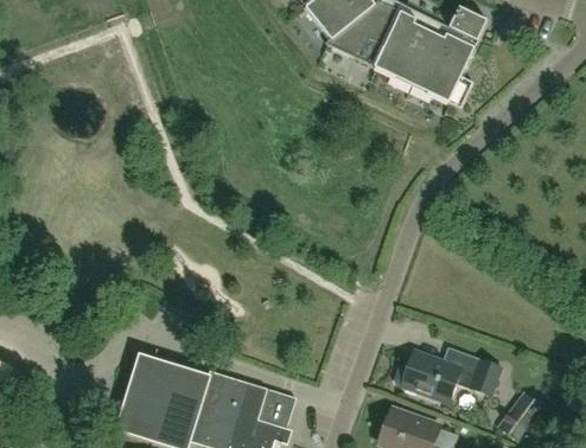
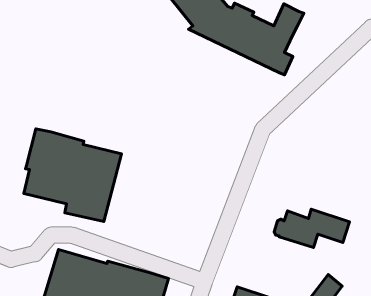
building: none -> [24,129,122,222]
building: [394,347,501,402] -> [274,209,349,248]

